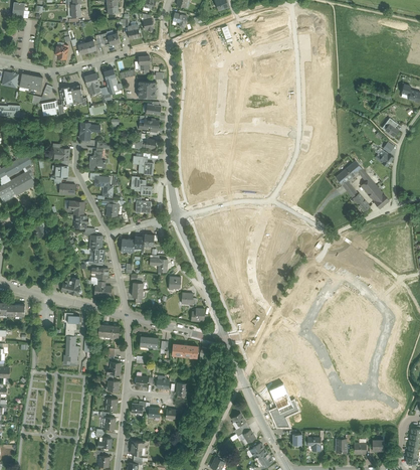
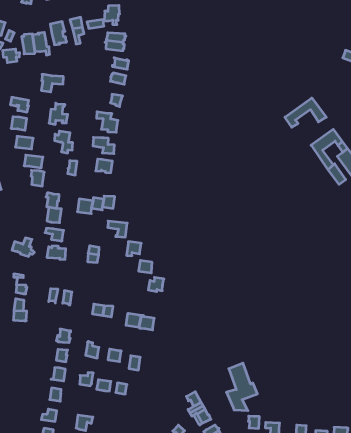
building: none -> [285,98,326,127]

